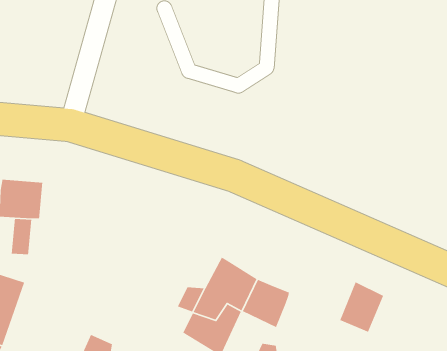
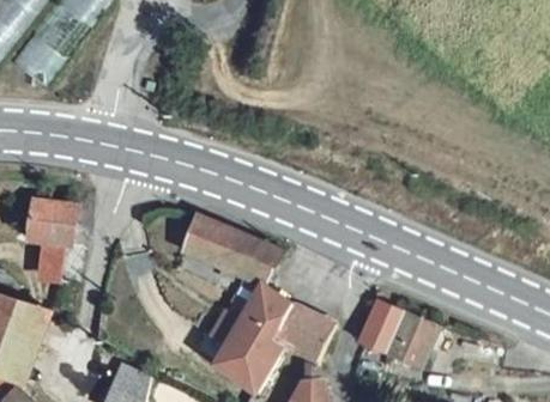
building: none -> [180,213,282,287]
building: none -> [358,299,401,352]

